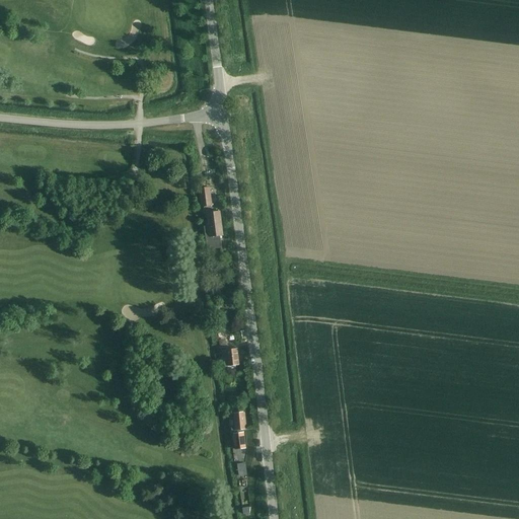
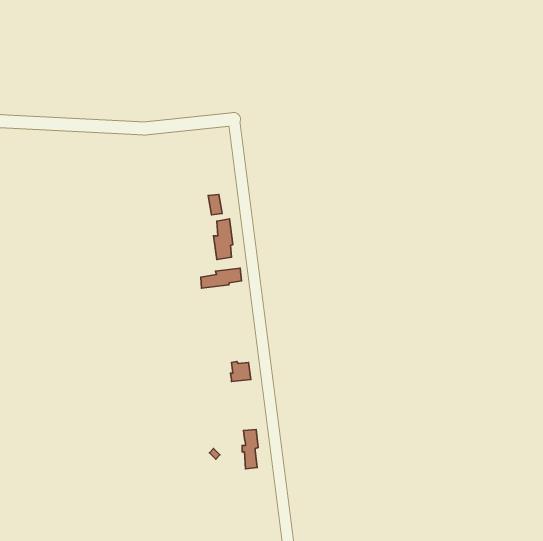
building: none -> [201,268,242,288]

